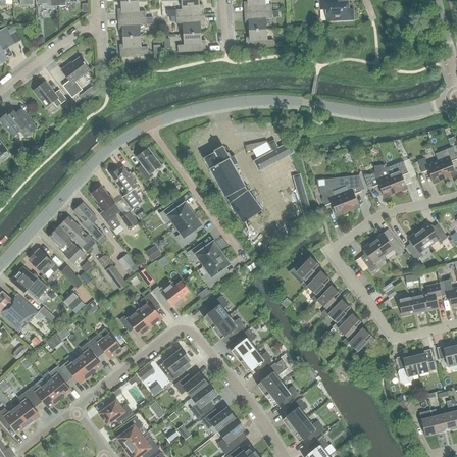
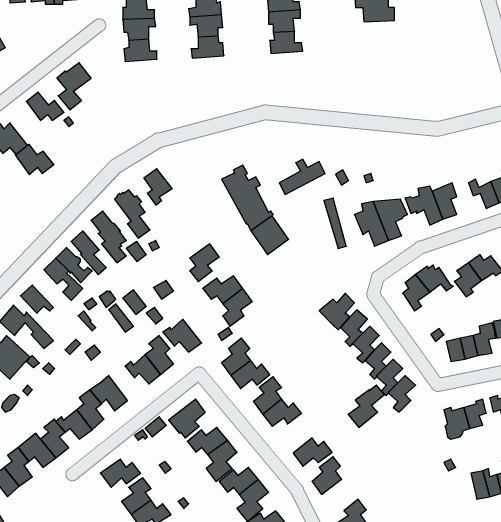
building: none -> [15,144,54,175]
building: [160,202,194,225] -> none
building: [257,358,289,395] -> [348,385,385,427]
building: [291,417,325,441] -> none

